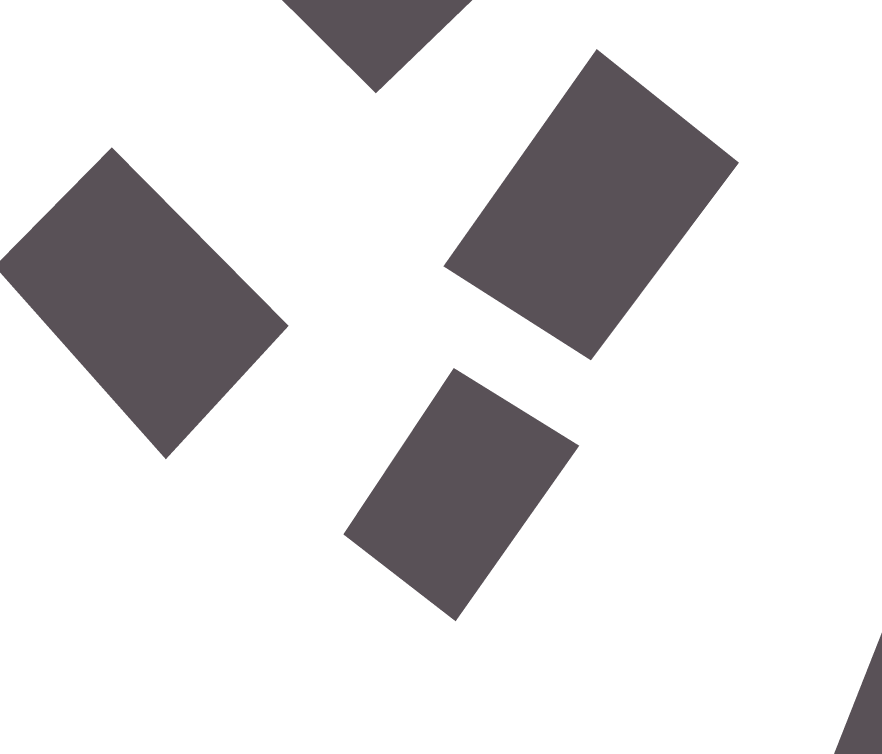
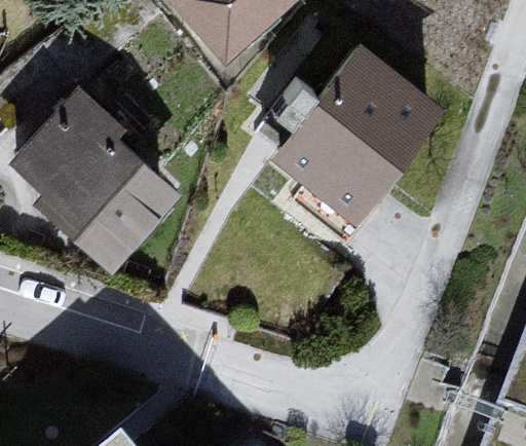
building: [342,367,581,622] -> none

